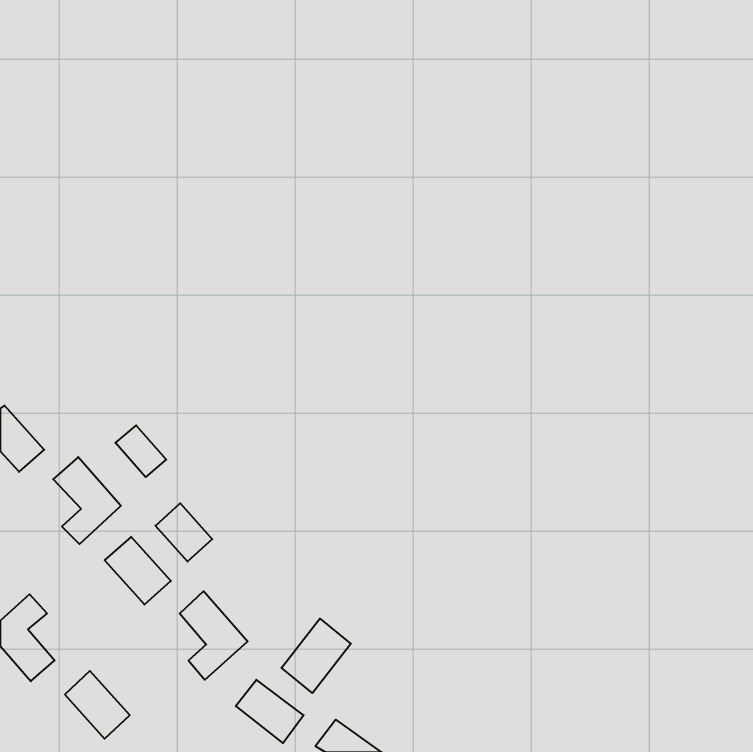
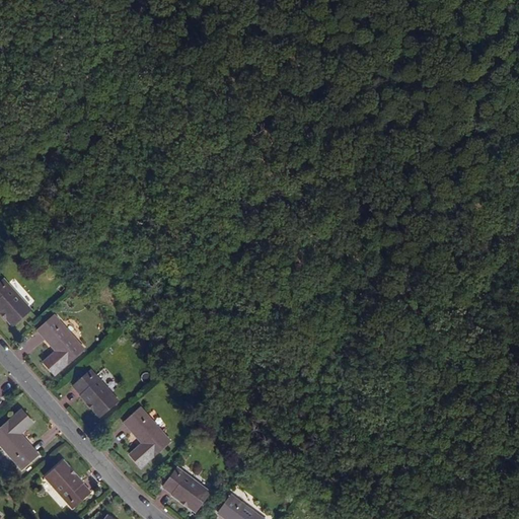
building: [115,425,166,477] -> none
building: [155,503,212,562] -> none
building: [281,619,351,693] -> none

